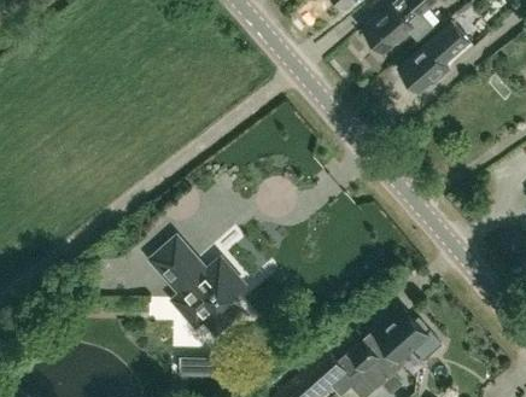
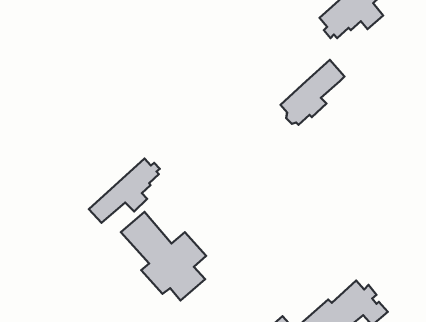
building: [401,21,469,91] -> [281,60,344,125]
building: none -> [89,159,160,223]

